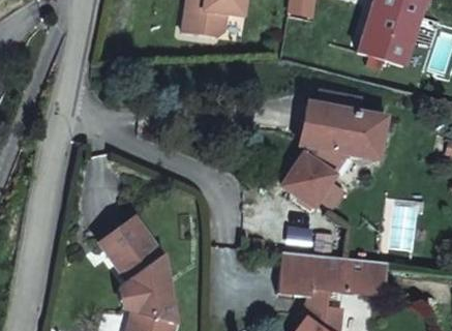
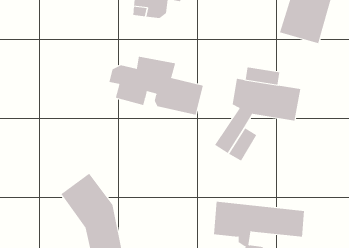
building: none -> [109,56,203,115]

